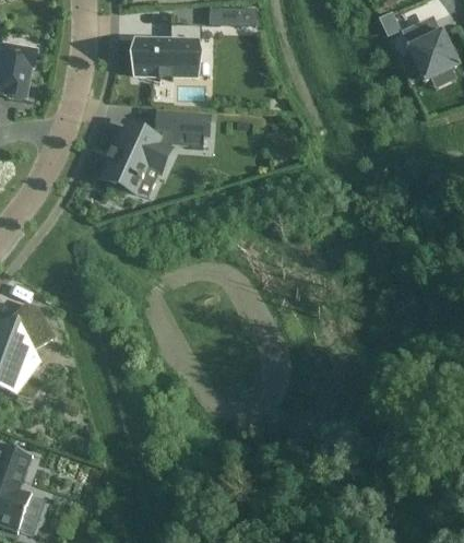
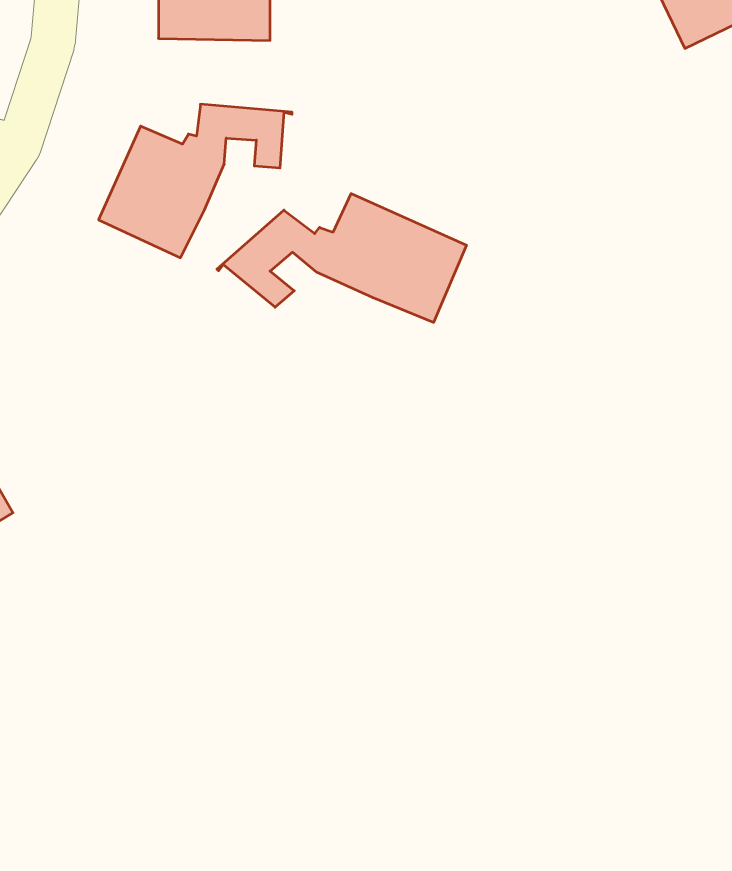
building: none -> [217,194,466,322]

